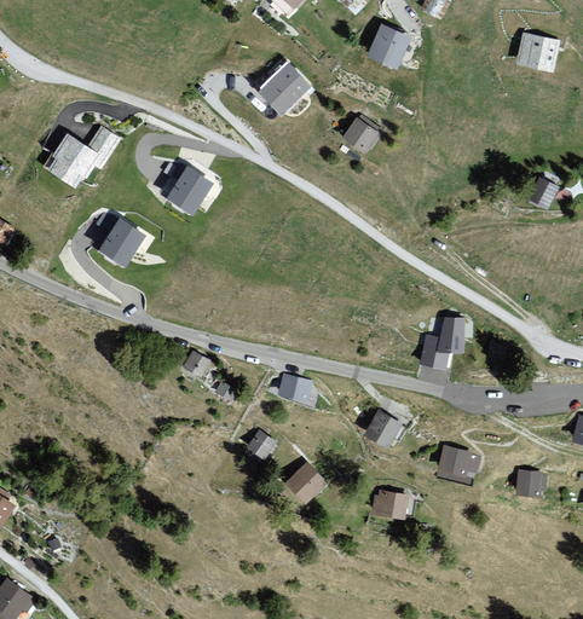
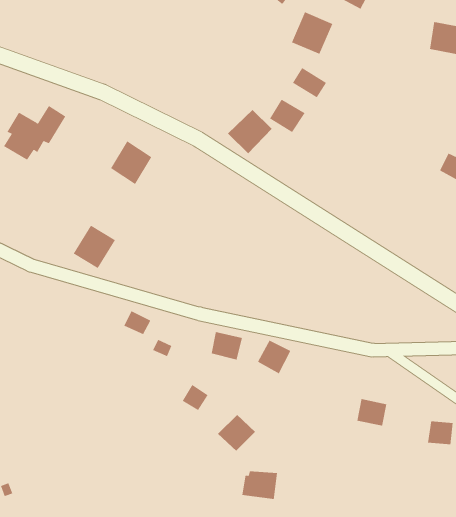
building: [260,64,310,114] -> [227,109,272,154]
building: none -> [292,67,327,98]
building: [99,218,146,266] -> [73,225,116,269]
building: [420,312,464,363] -> none
building: [363,411,400,449] -> [257,340,291,374]
building: [369,491,409,522] -> [241,471,278,499]

